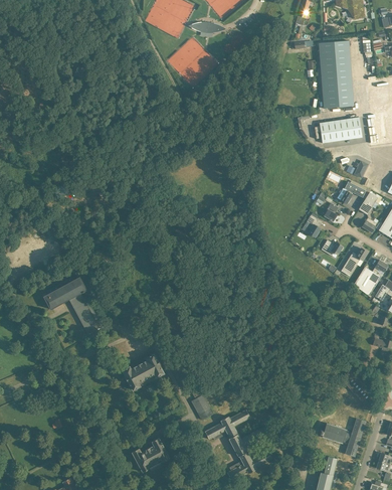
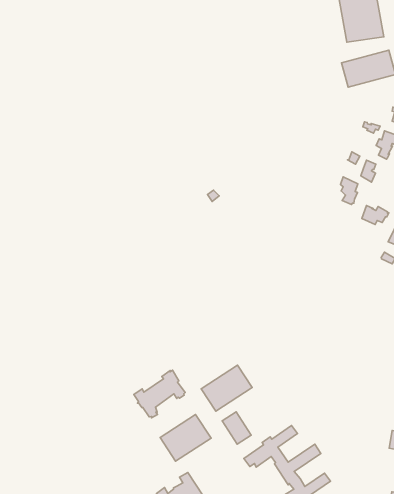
building: [43,277,104,335] -> none
building: none -> [201,365,252,411]
building: none -> [160,414,211,461]

